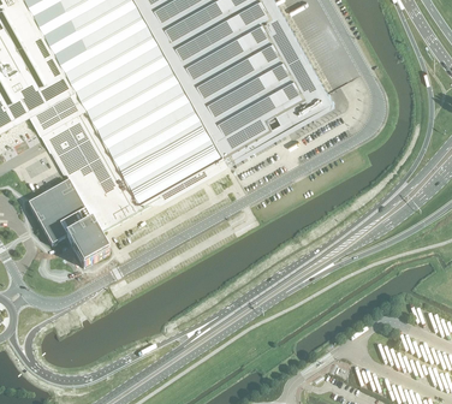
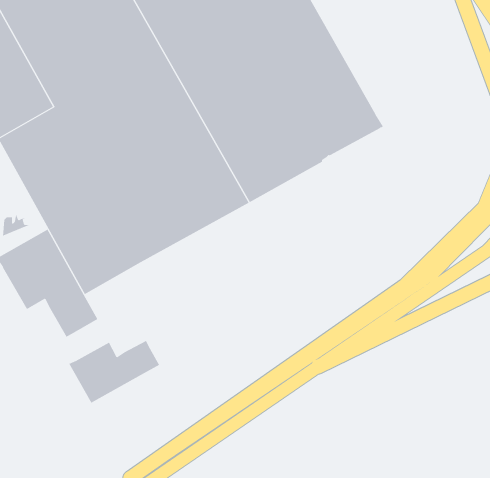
building: none -> [69,340,160,404]

